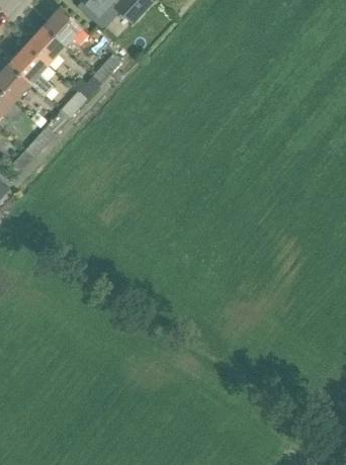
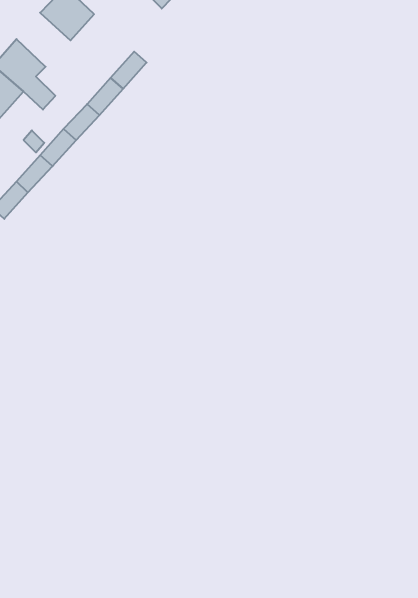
building: [25,25,65,65] -> none

